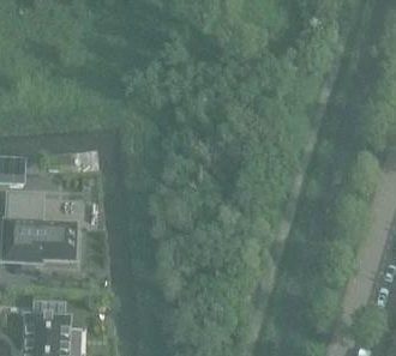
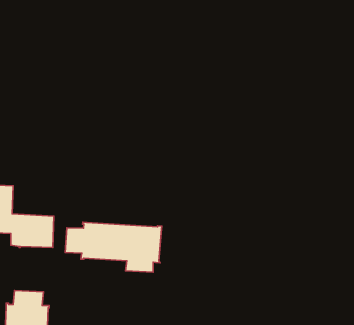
building: none -> [65,222,162,272]

